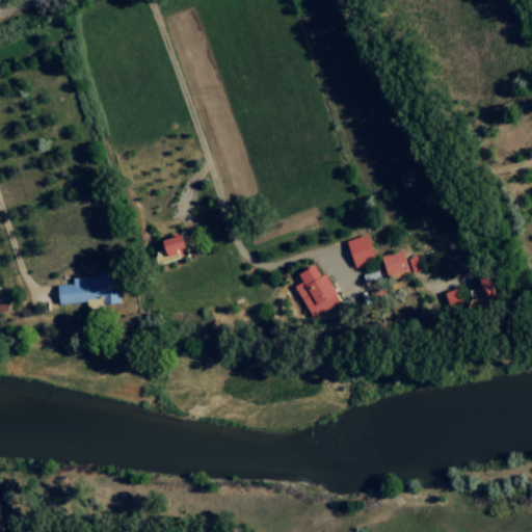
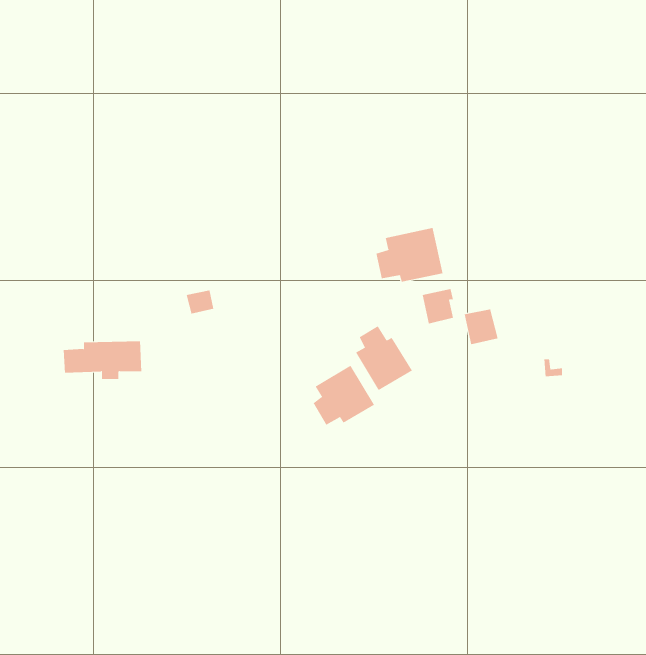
building: none -> [376,227,443,282]
building: none -> [313,365,375,425]

